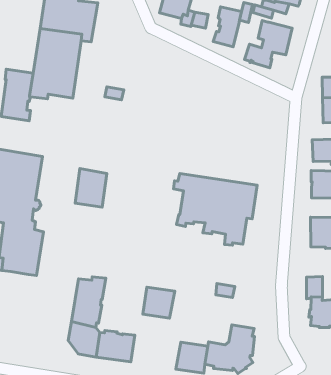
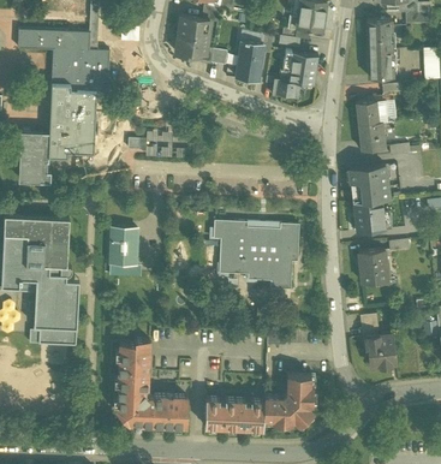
building: [143,287,175,318] -> [204,398,236,428]

